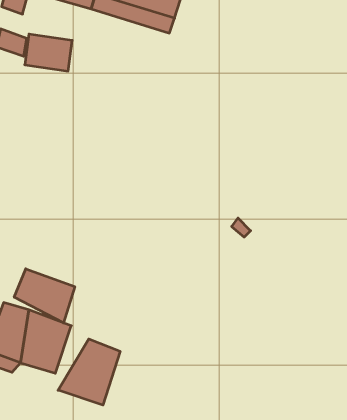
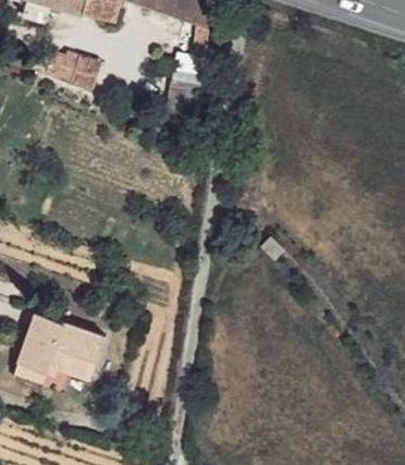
building: [14,269,75,323] -> none
building: [58,339,120,405] -> none

